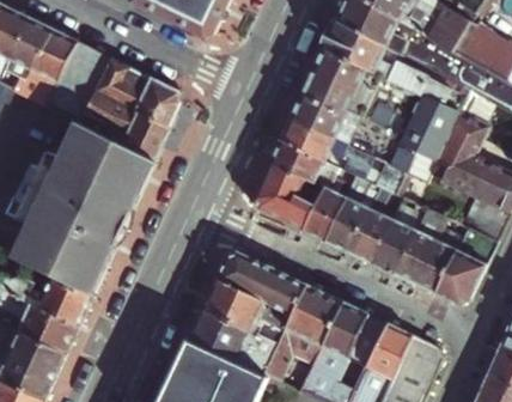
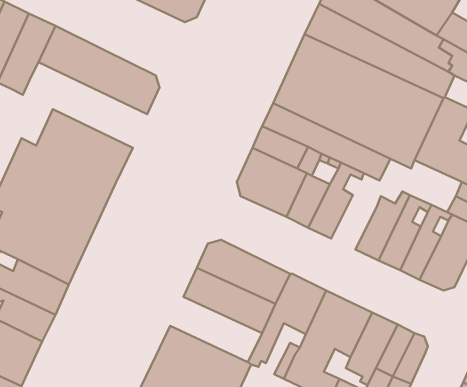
building: [51,77,166,162] -> none
building: [348,187,403,262] -> none
building: [189,309,280,373] -> none

